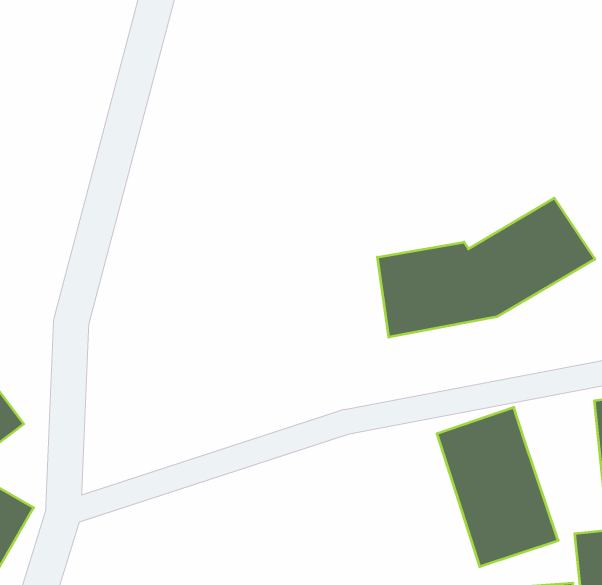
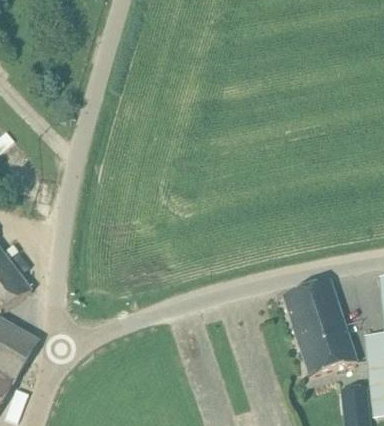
building: [377,198,595,337] -> none

